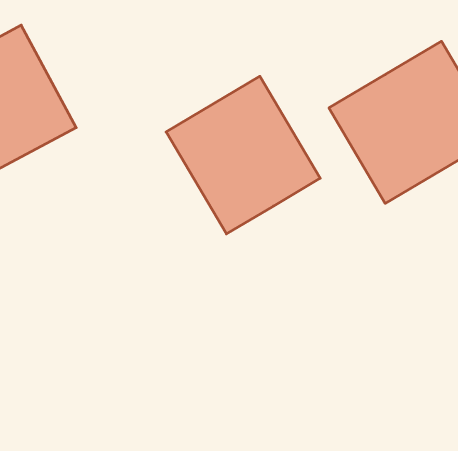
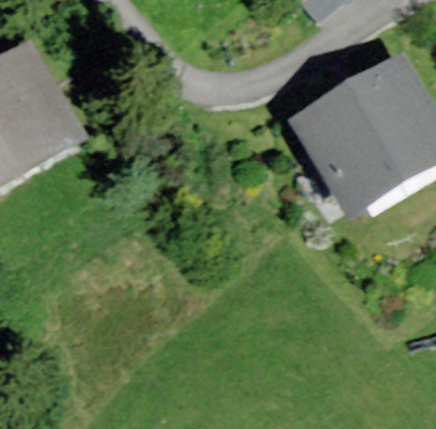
building: [166,76,320,234] -> none

